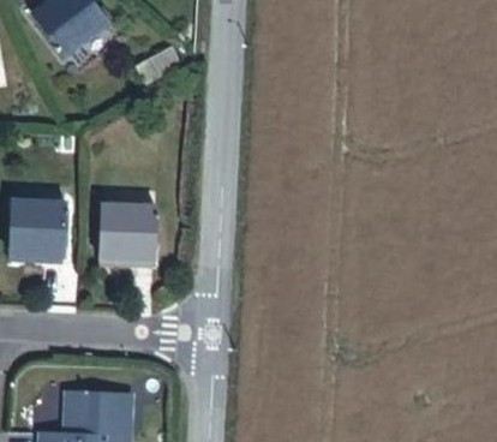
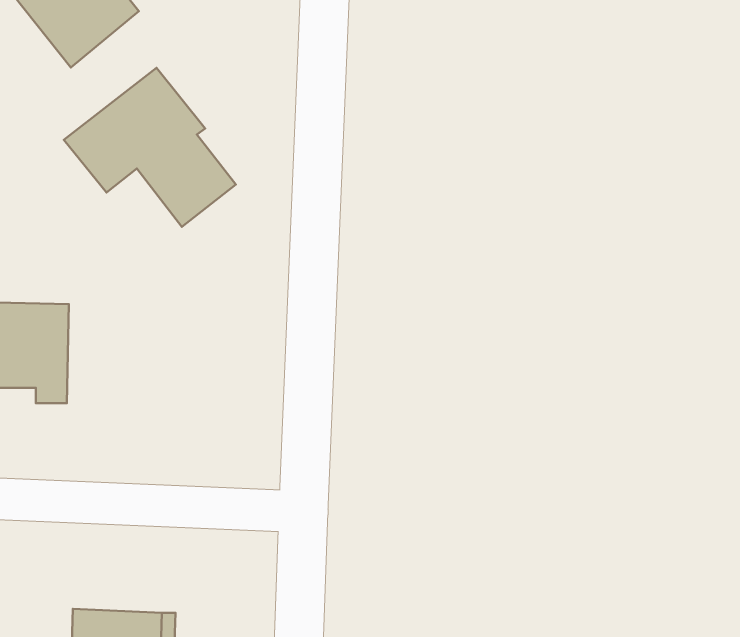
building: none -> [64,68,236,227]
building: [101,205,155,267] -> none

